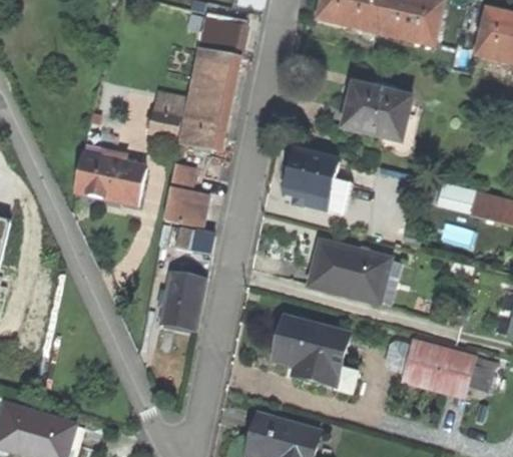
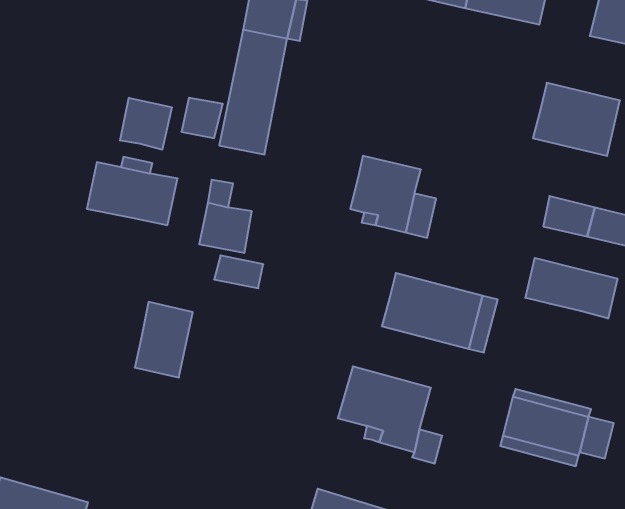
building: [343,84,412,142] -> [533,83,620,156]
building: none -> [120,98,172,150]
building: none -> [525,258,617,319]
building: [161,268,207,328] -> [135,302,193,378]

